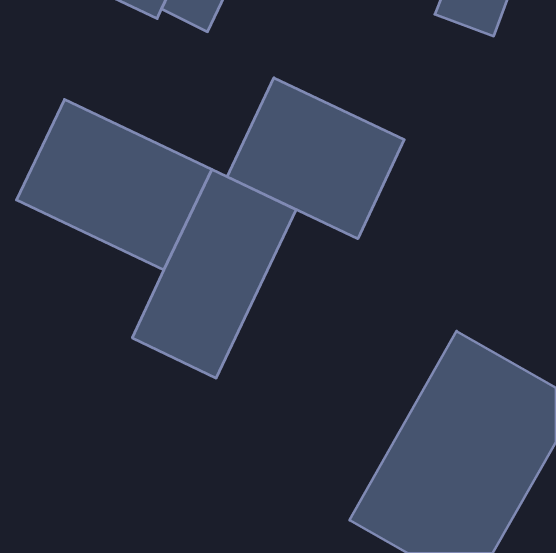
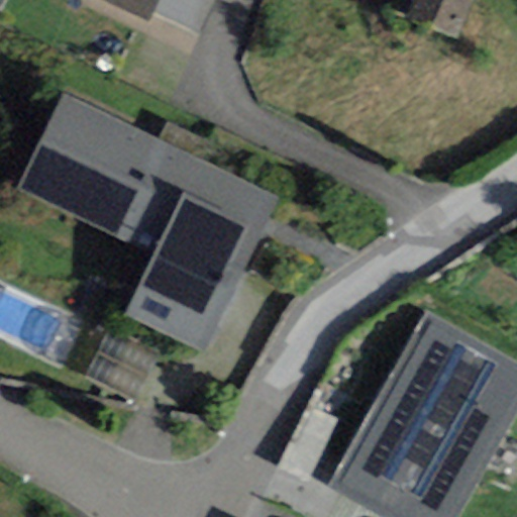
building: [227,78,404,239] -> none

